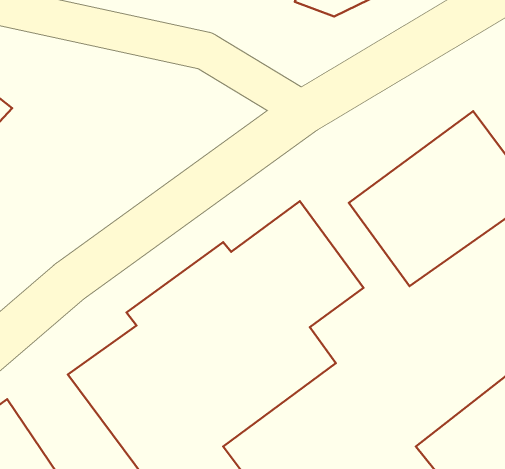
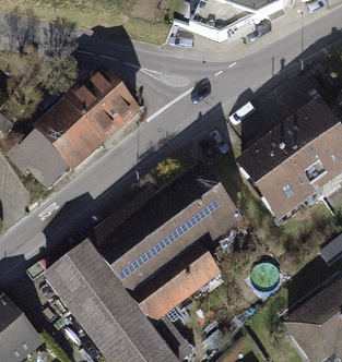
building: none -> [10,68,140,192]

